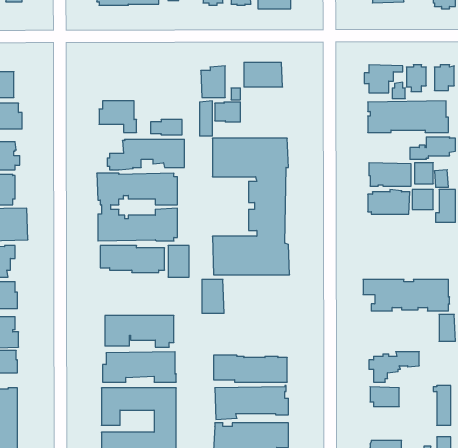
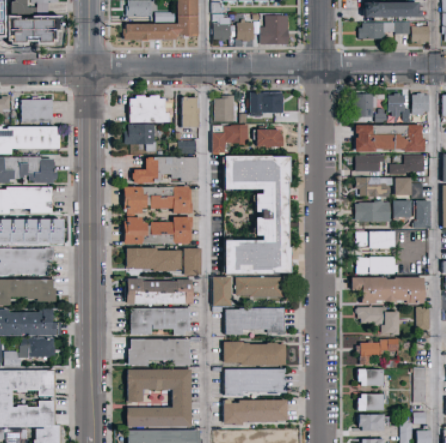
building: none -> [128,95,170,122]
building: none -> [180,96,199,127]
building: none -> [252,129,282,146]
building: none -> [356,155,385,171]
building: none -> [356,231,394,248]
building: none -> [356,257,398,274]
building: none -> [236,277,284,297]
building: none -> [127,279,193,304]
building: none -> [356,306,401,335]
building: none -> [225,308,284,335]
building: none -> [357,394,383,411]

